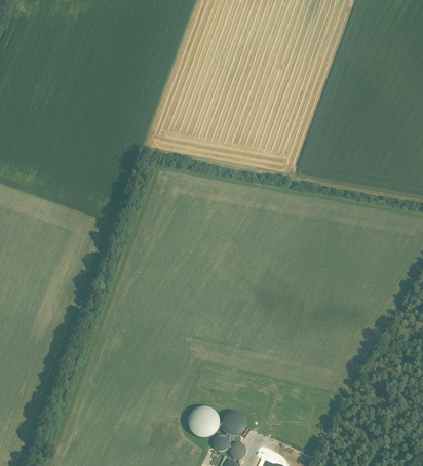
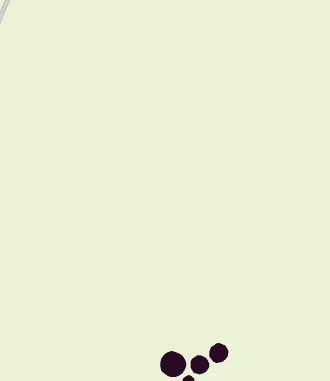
building: none -> [208,342,229,364]

